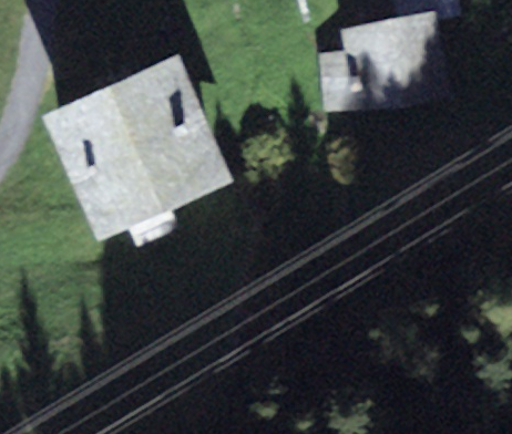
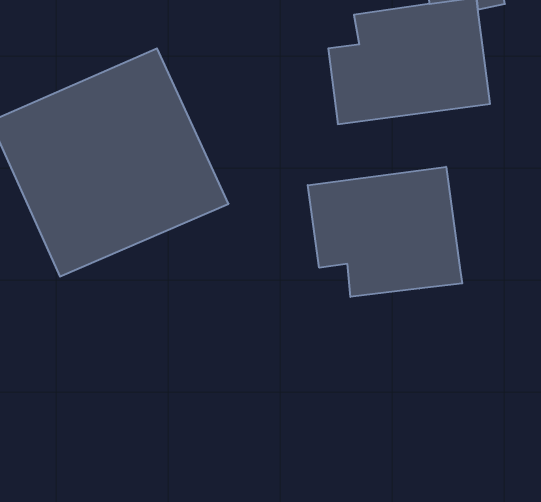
building: none -> [308,167,462,297]

